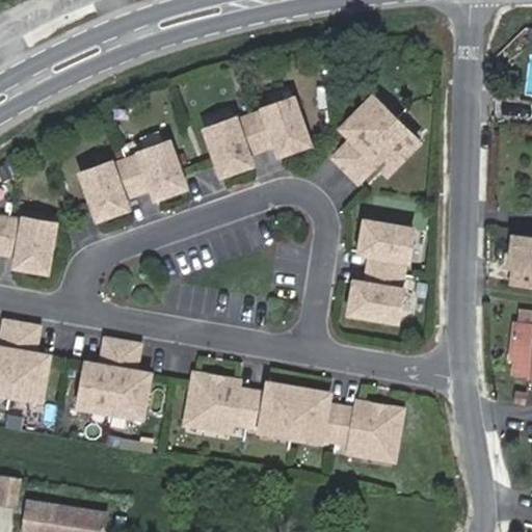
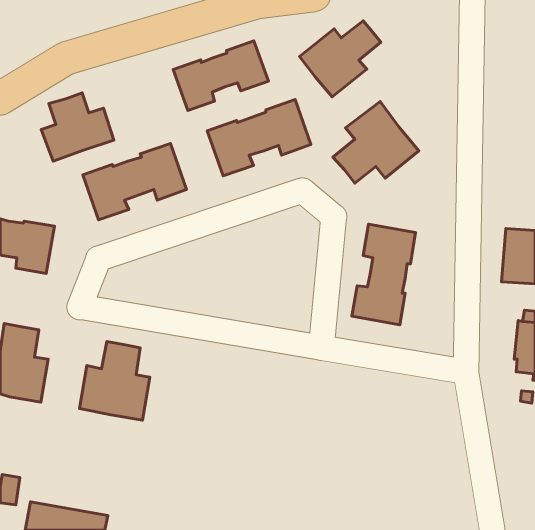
building: none -> [299,21,381,97]
building: none -> [173,41,268,111]
building: none -> [41,93,114,161]
building: [186,374,403,461] -> none

